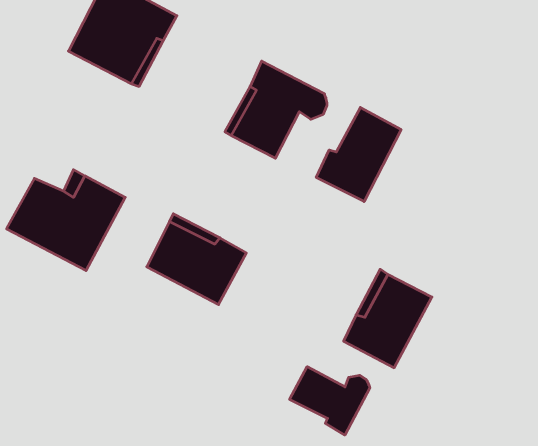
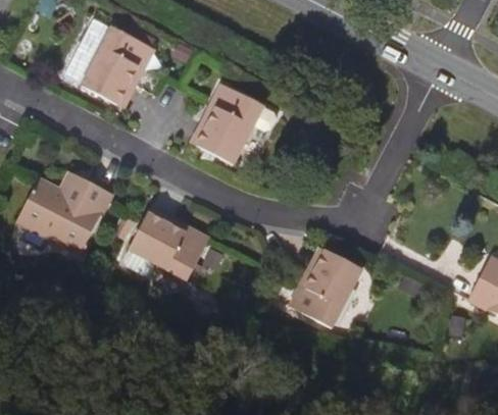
building: [316,107,401,202] -> none
building: [290,367,370,435] -> none

